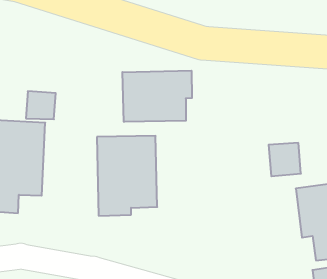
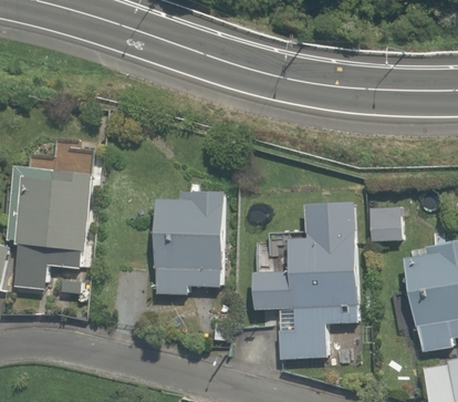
building: [122,71,192,122] -> none
building: none -> [272,225,355,358]

